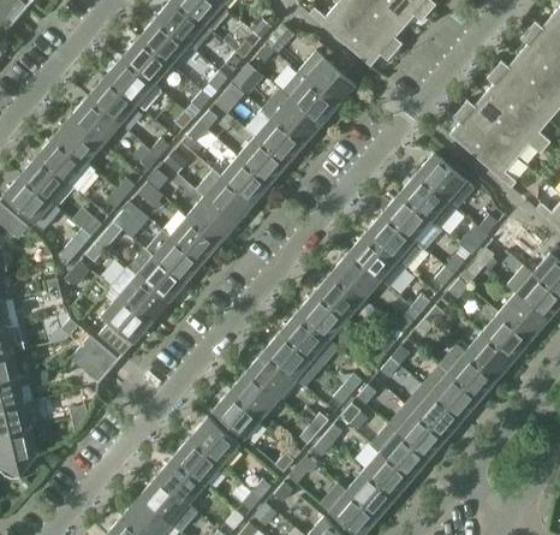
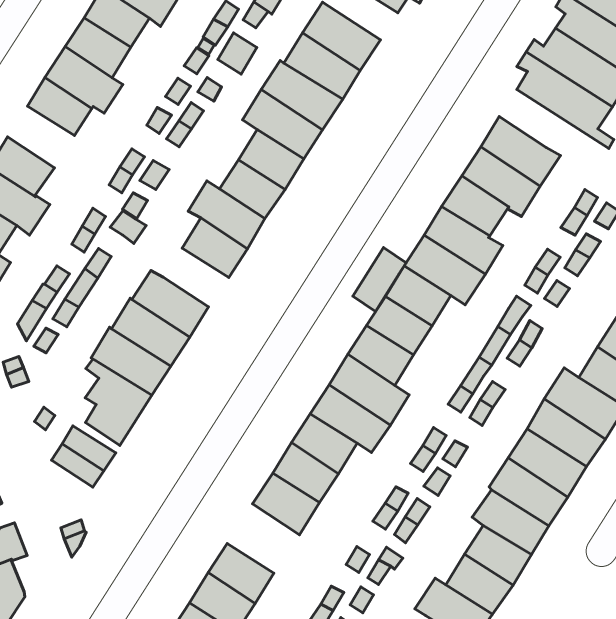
building: [72,95,121,143] -> none
building: [172,215,220,261] -> none
building: none -> [353,247,406,311]
building: [191,416,239,463] -> none

